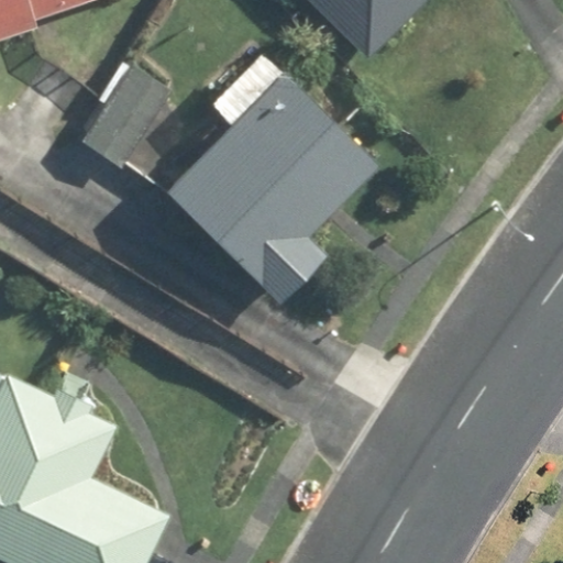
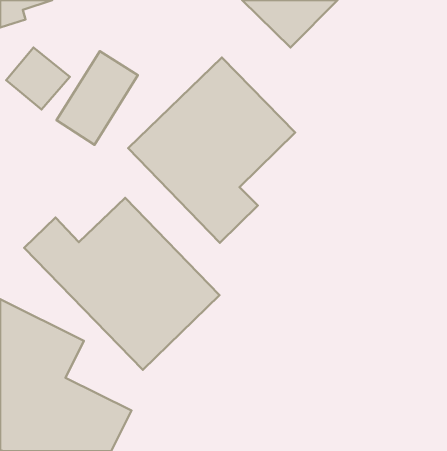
building: none -> [24,198,219,370]

